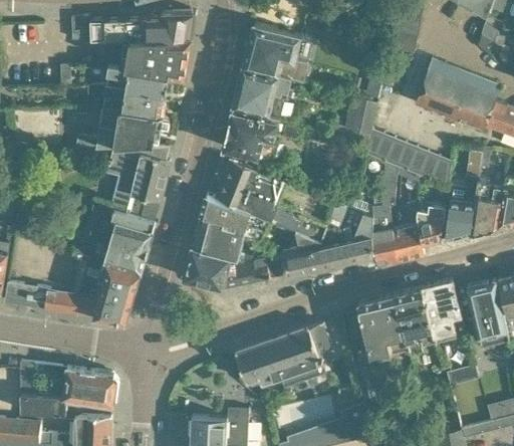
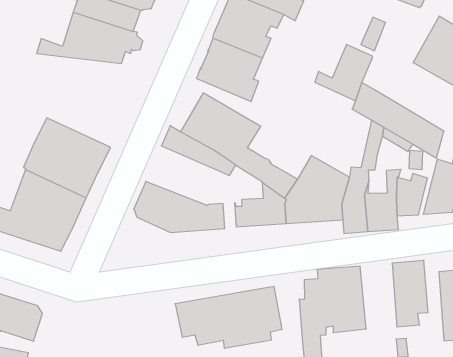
building: [94,147,170,221] -> none
building: [192,213,266,260] -> none
building: [396,286,437,355] -> none

